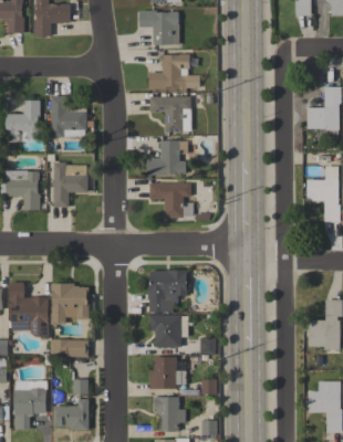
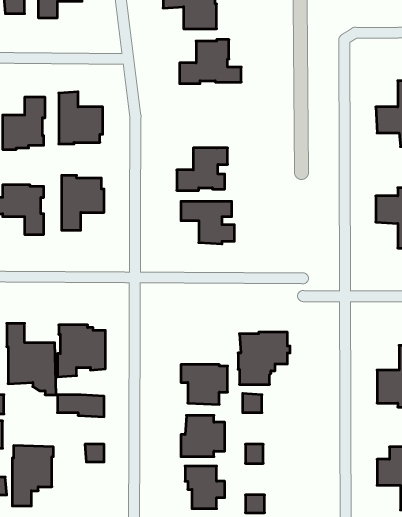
building: [149,96,190,131] -> none
building: [147,270,189,312] -> [238,332,290,384]
building: [52,399,89,430] -> none

